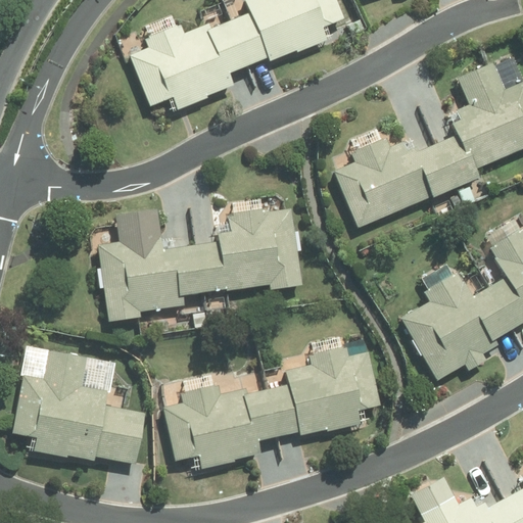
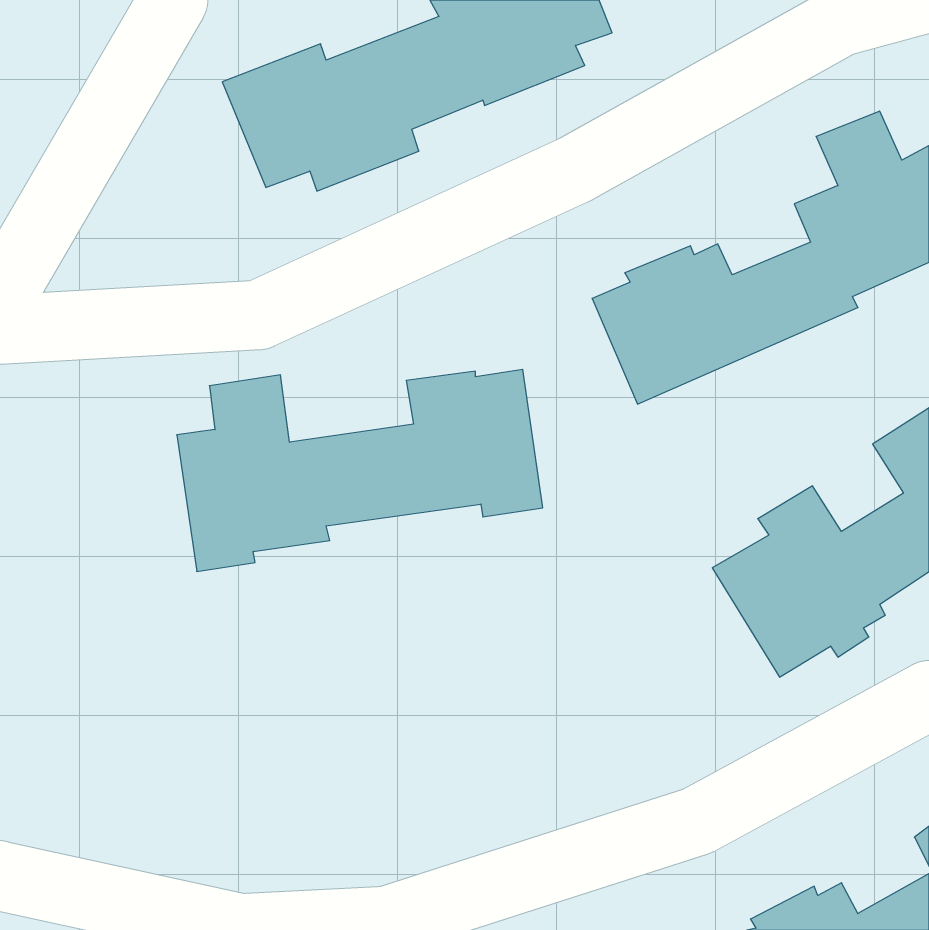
building: [161,345,378,467] -> none
building: [14,349,146,462] -> none

